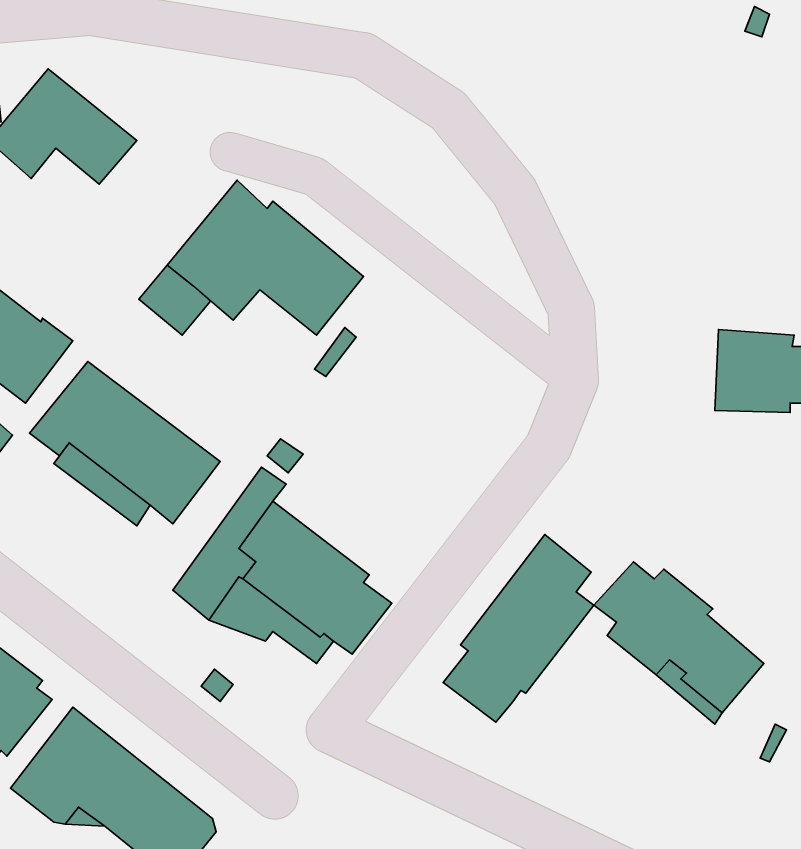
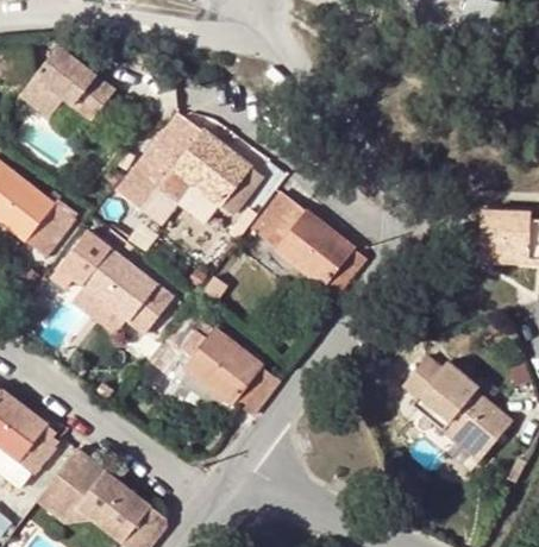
building: none -> [253,193,363,293]
building: [443,534,594,722] -> none

